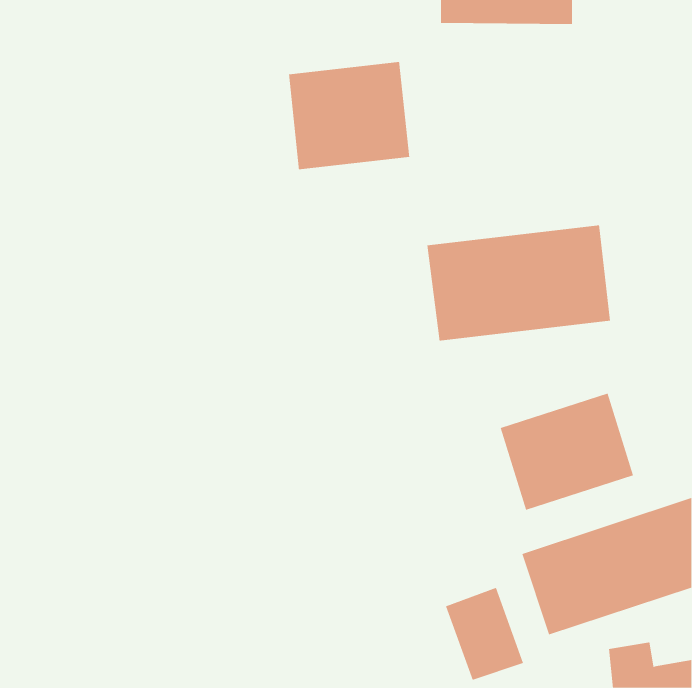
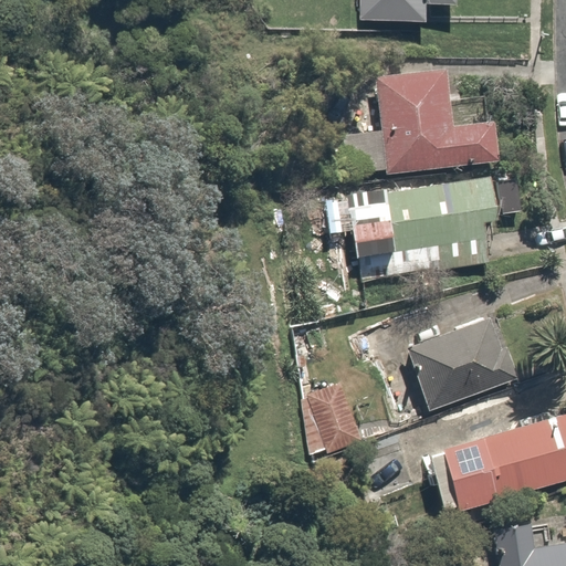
building: [288,61,410,170] -> none
building: none -> [331,69,502,178]
building: [445,587,524,681] -> [302,378,366,454]

